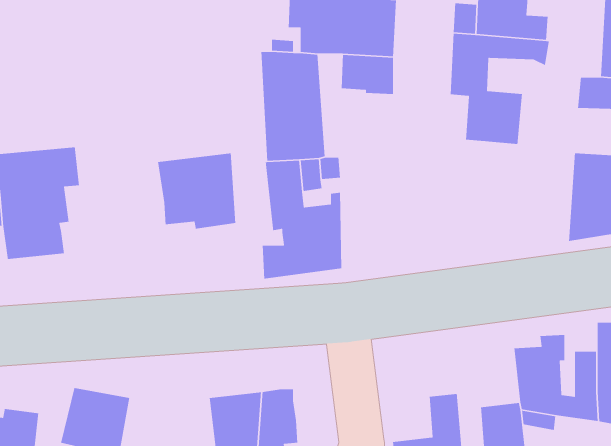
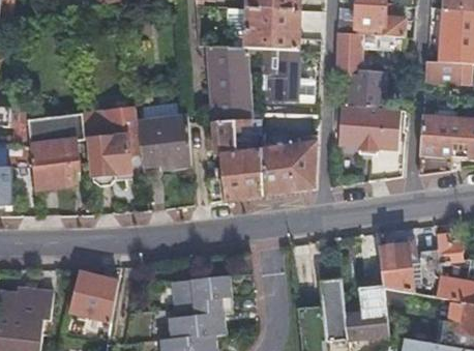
building: none -> [269,74,315,100]
building: none -> [81,104,141,180]
building: none -> [337,105,404,154]
building: none -> [262,130,318,194]

